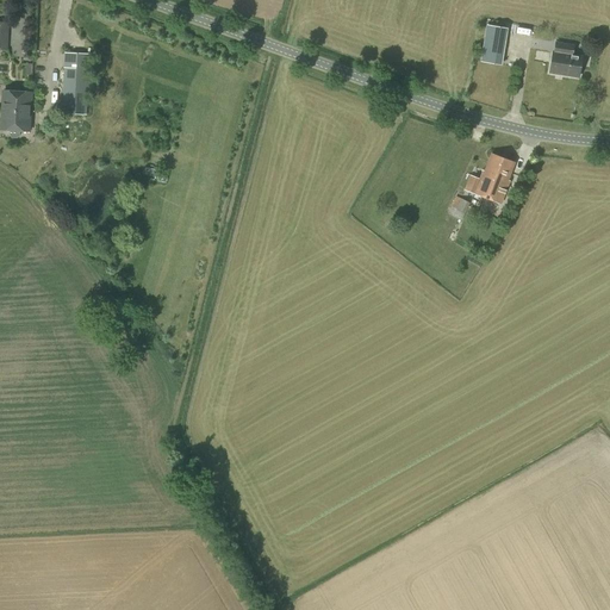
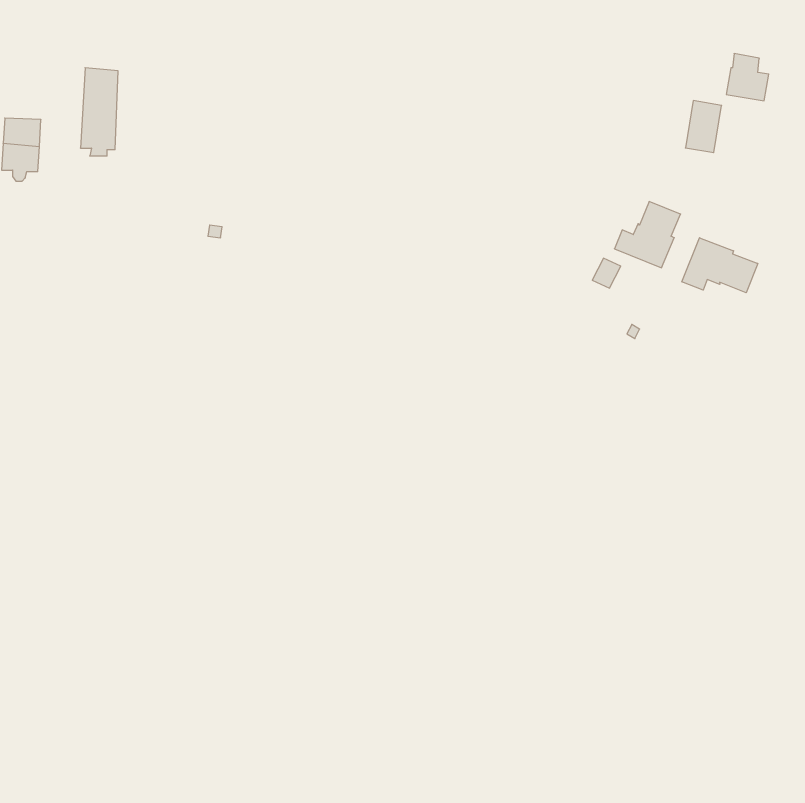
building: [480,24,508,63] -> [685,101,722,153]
building: none -> [682,238,758,293]

